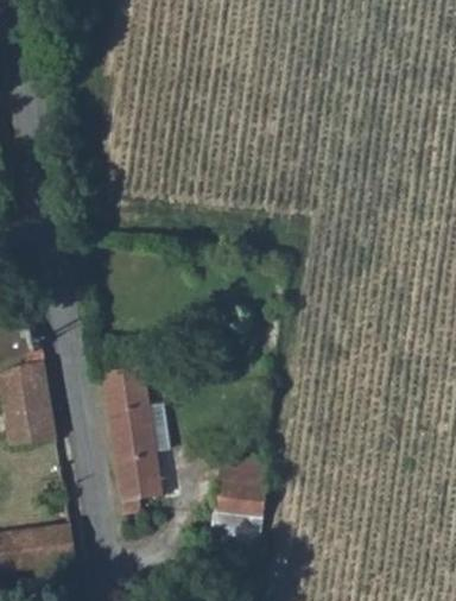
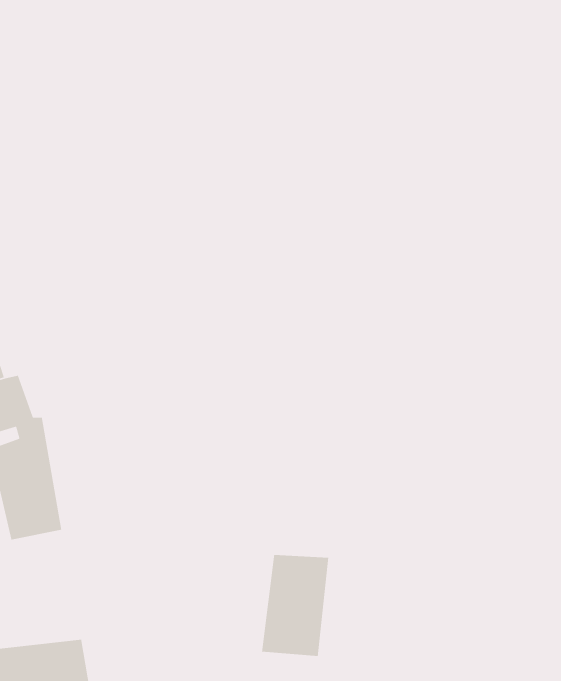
building: [101,361,165,514] -> none

